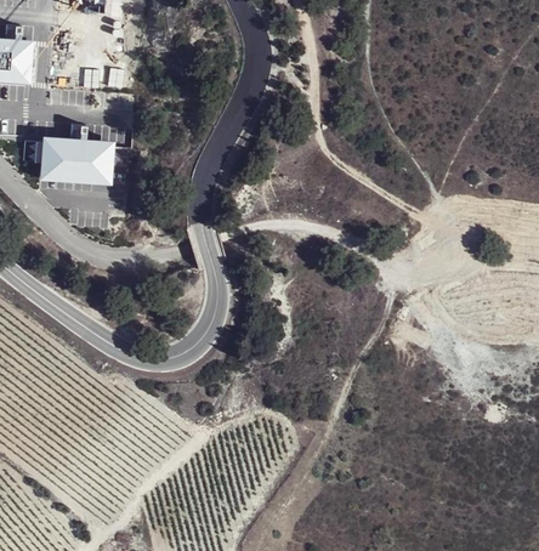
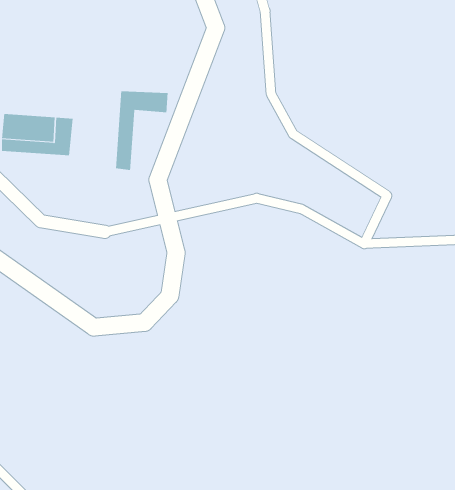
building: none -> [115,90,168,171]

